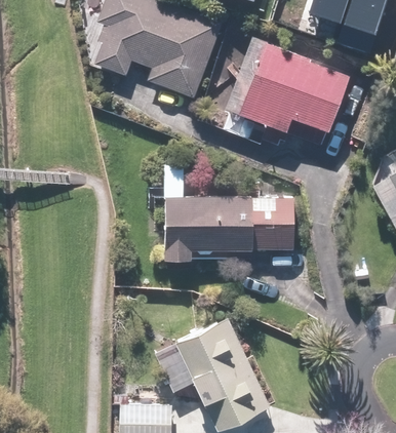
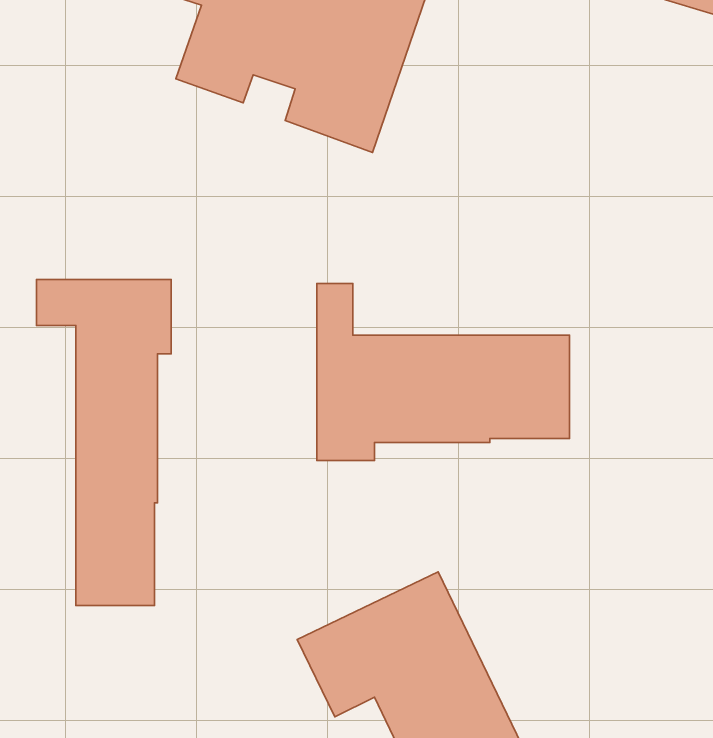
building: [215,41,354,149] -> none
building: none -> [37,279,171,605]

